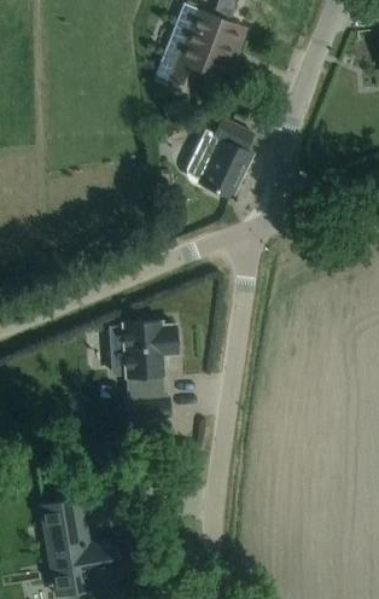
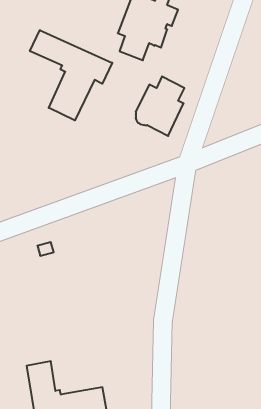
building: none -> [30,30,112,120]
building: [111,320,176,420] -> none

